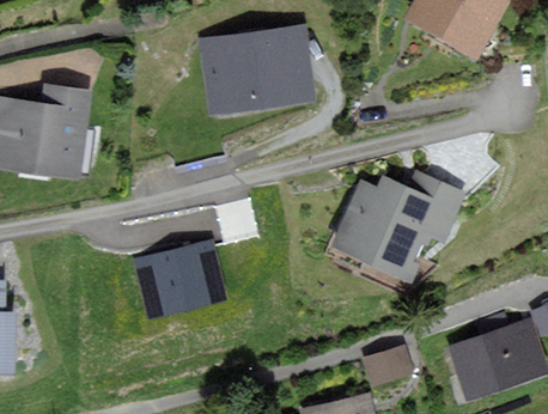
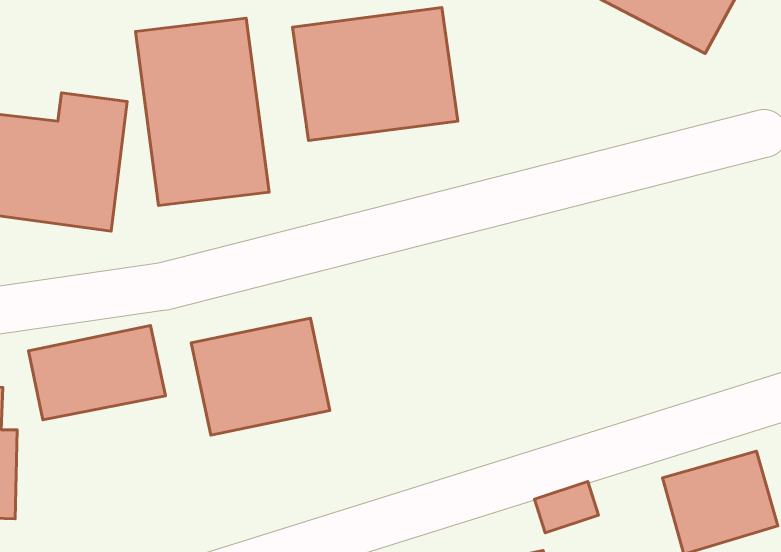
building: none -> [136,18,269,205]
building: [333,172,464,278] -> none
building: none -> [29,325,166,420]

